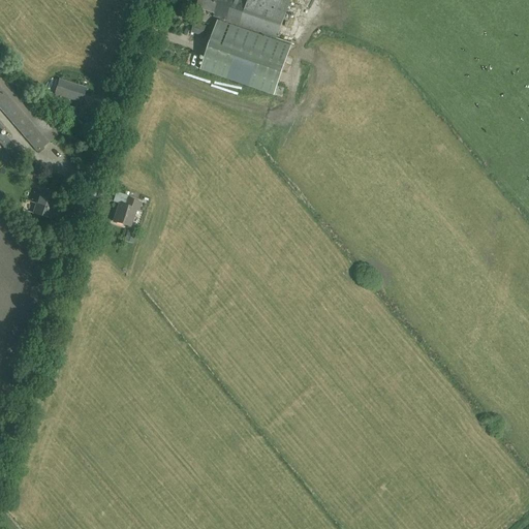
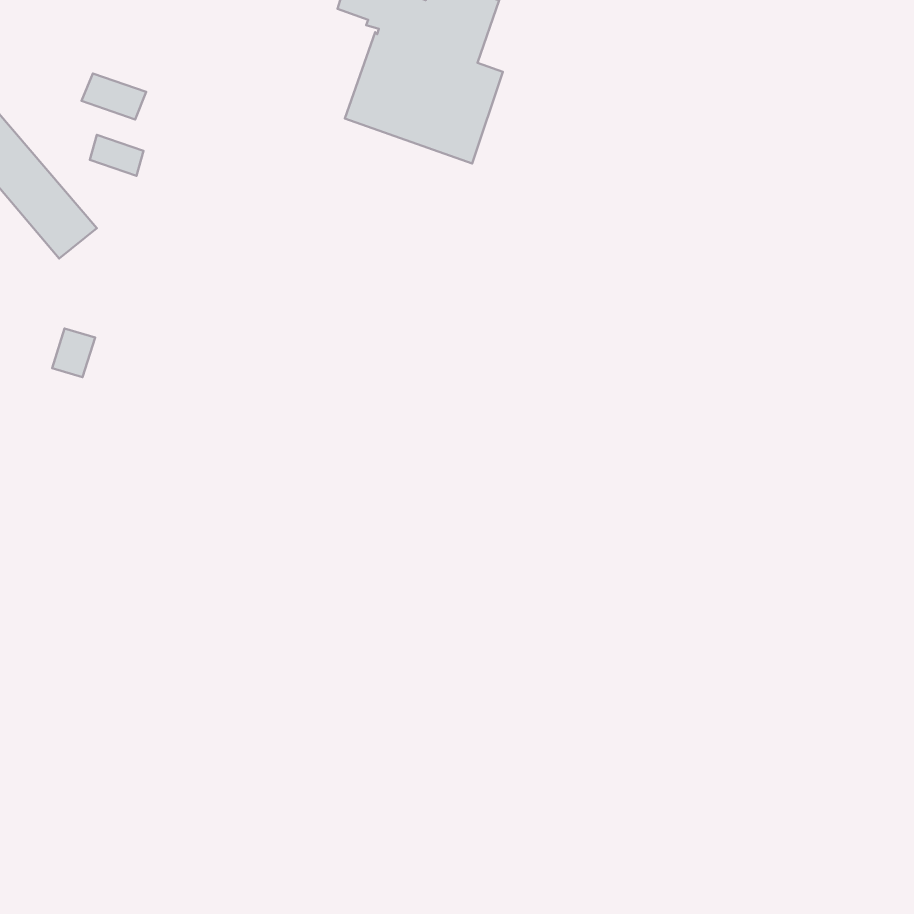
building: none -> [82,73,146,119]
building: [111,196,137,224] -> none

